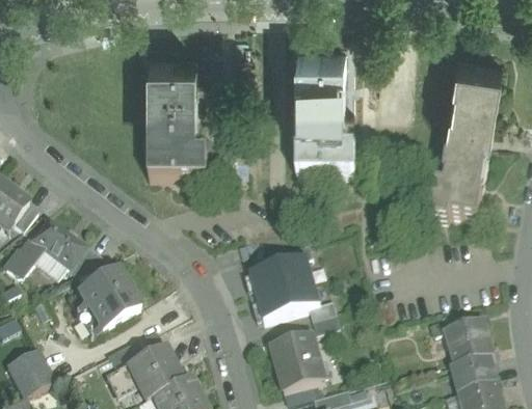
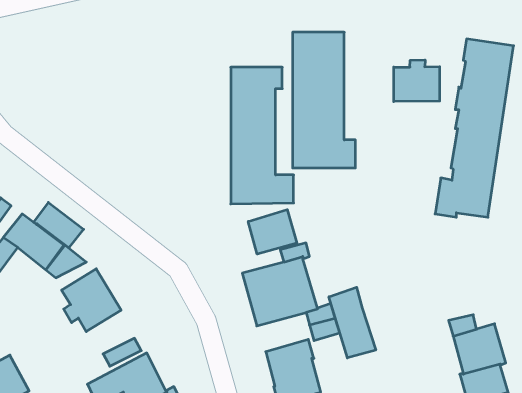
building: [149,55,207,182] -> [231,67,294,204]
building: none -> [394,60,440,102]
building: none -> [34,202,84,248]
building: none -> [248,210,297,254]
building: none -> [329,287,376,358]

